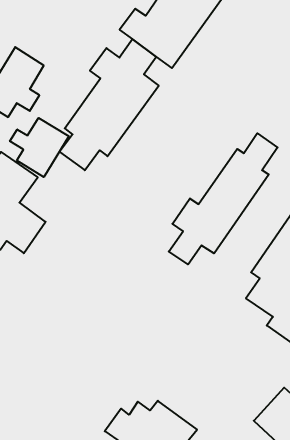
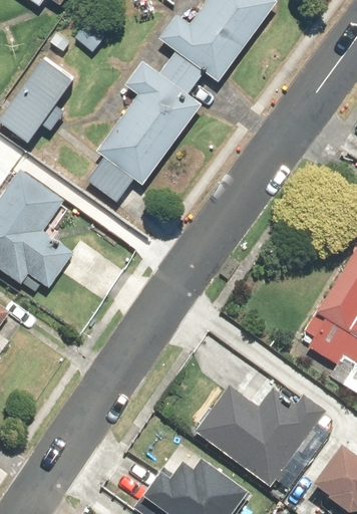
building: [10,118,69,177] -> none
building: [169,133,278,264] -> none
building: none -> [196,383,323,485]

